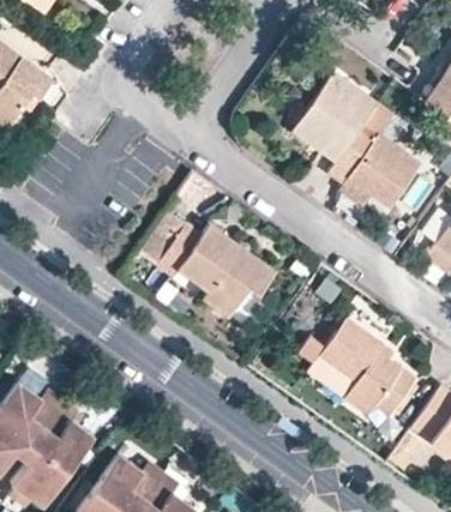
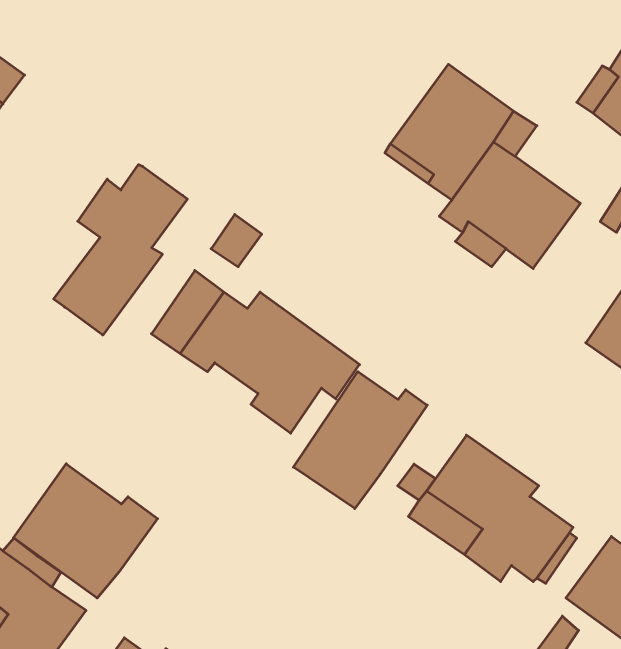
building: none -> [54,165,187,335]
building: none -> [293,372,427,509]
building: none -> [13,464,158,598]

